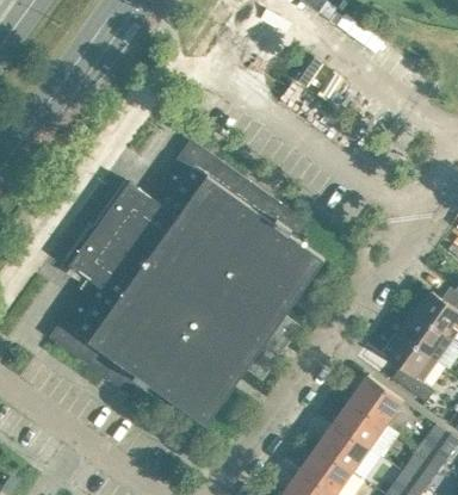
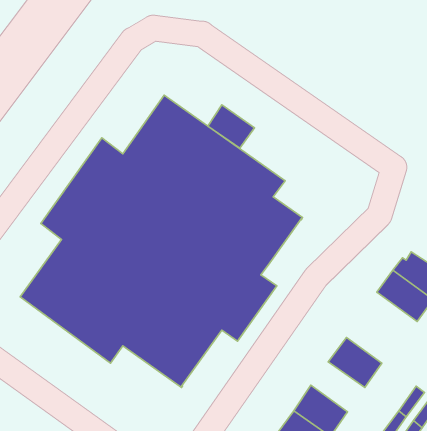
building: none -> [208,105,254,148]
building: [385,333,437,407] -> none
building: [333,401,385,450] -> none

